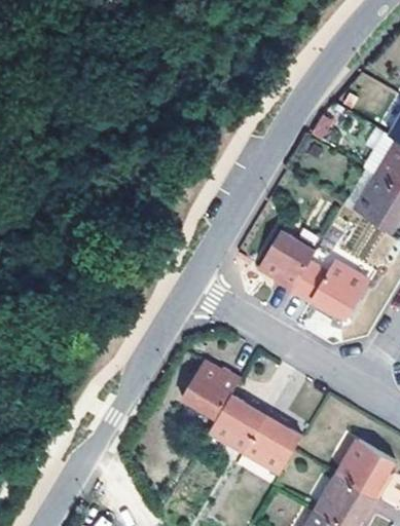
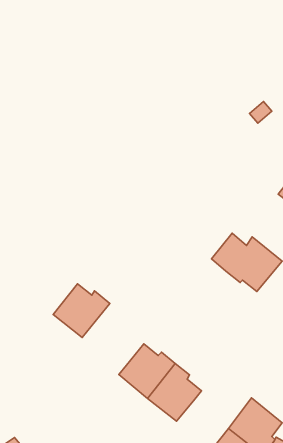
building: [258,230,316,292] -> none
building: [181,363,241,420] -> [53,284,110,337]

